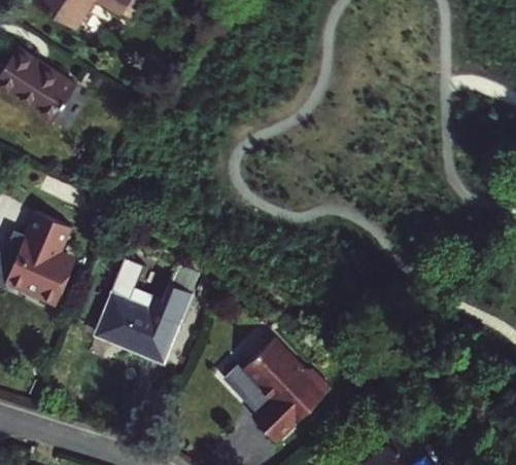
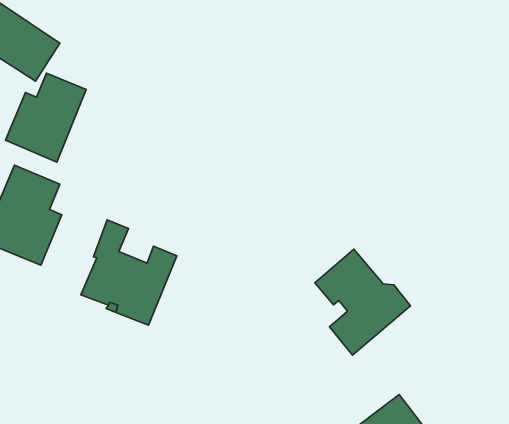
building: none -> [5,73,86,162]
building: [237,341,331,444] -> [315,249,411,355]

